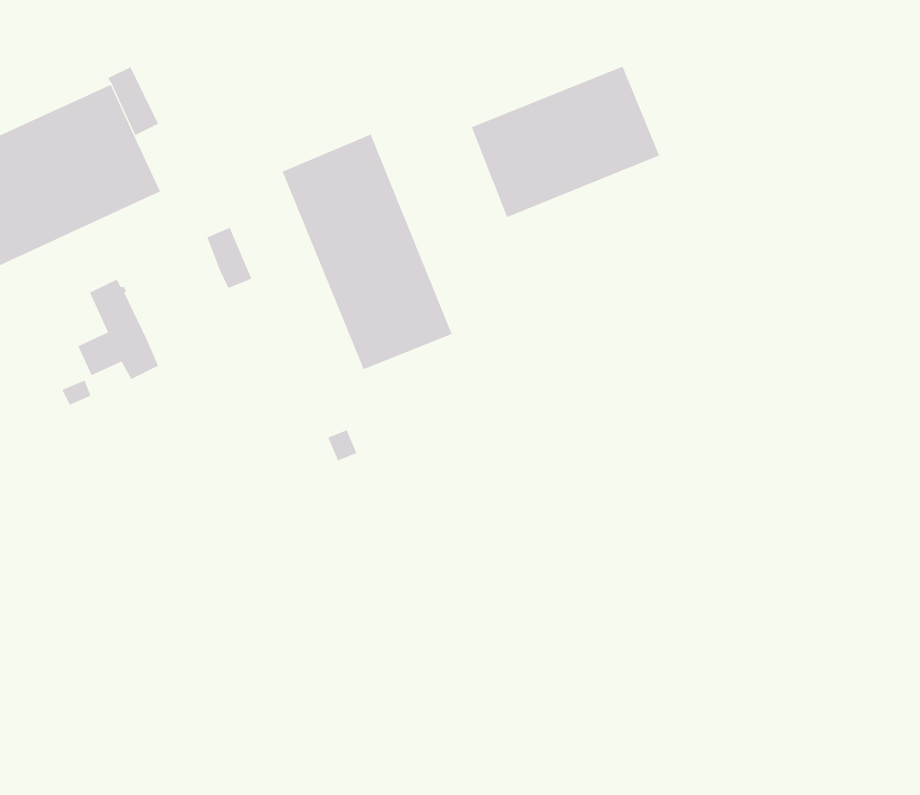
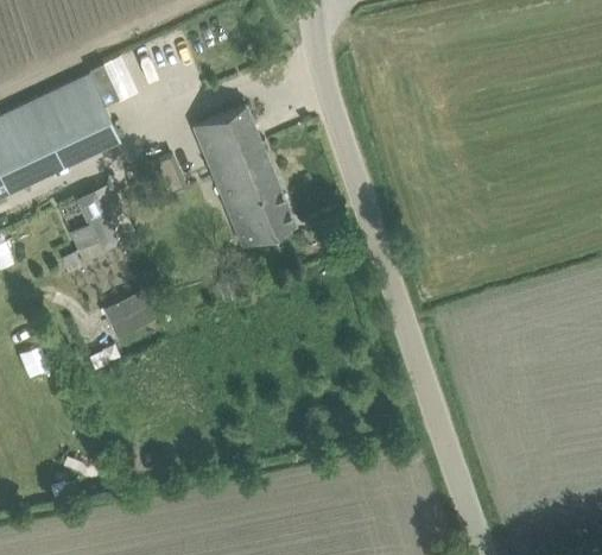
building: [471,66,660,218] -> none
building: none -> [104,294,153,333]

